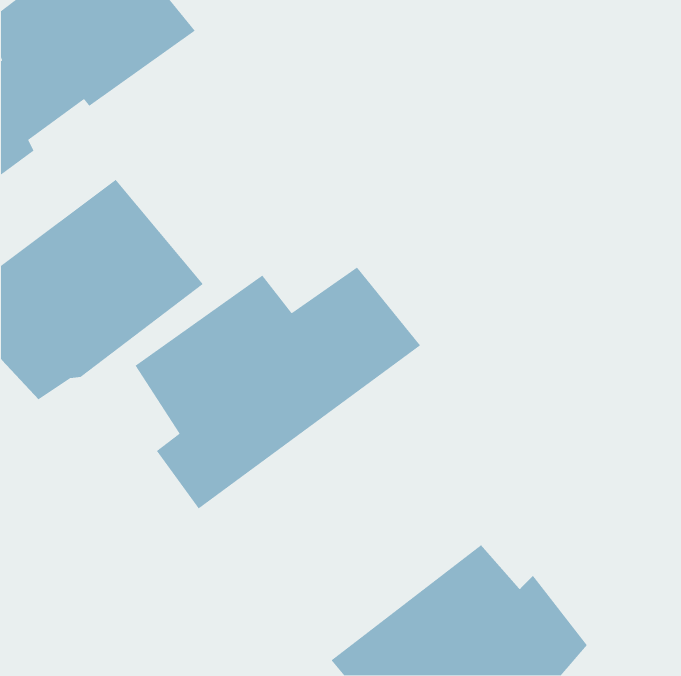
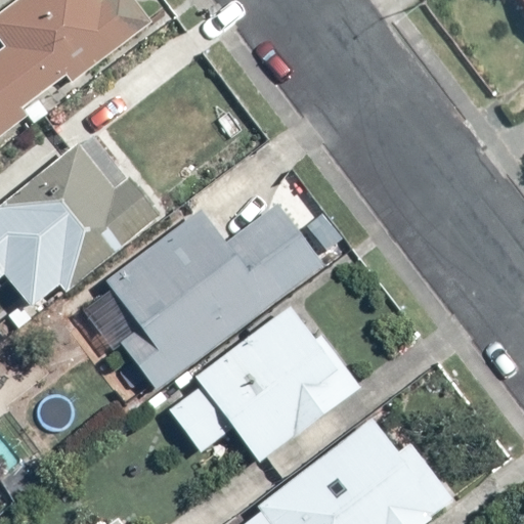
building: none -> [166,304,359,467]

